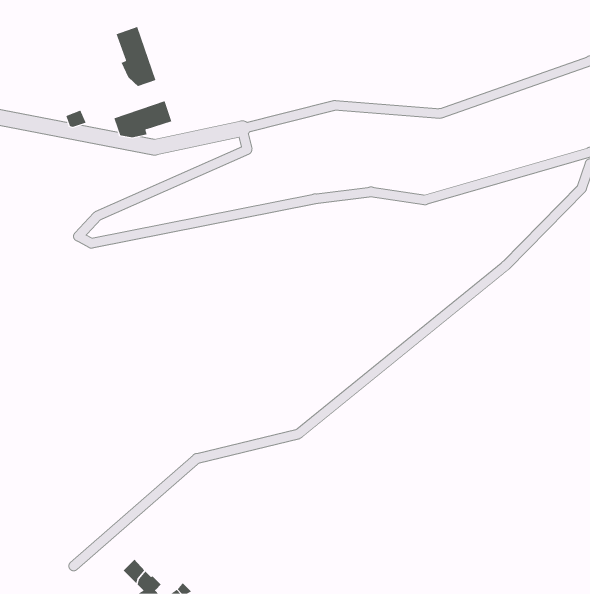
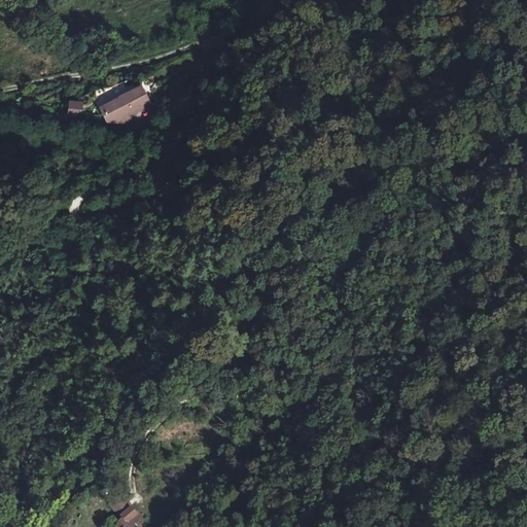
building: [116,26,156,87] -> none

